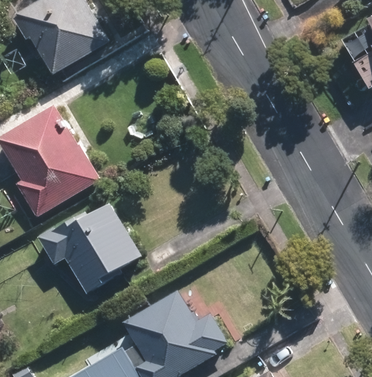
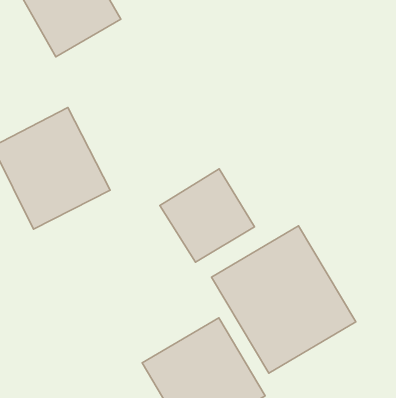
building: none -> [212,226,356,373]
building: [63,212,143,291] -> [160,169,254,262]

